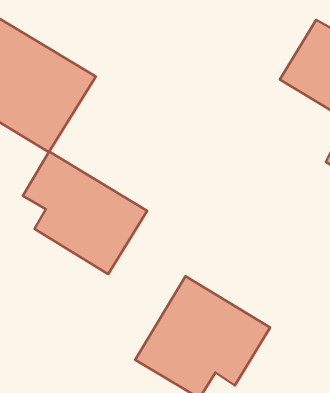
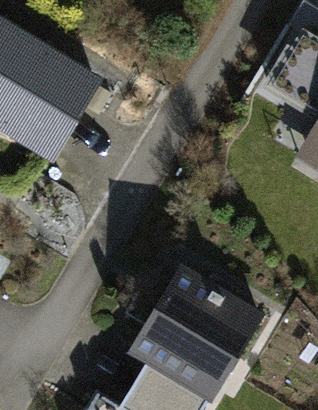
building: [23,152,147,274] -> none

